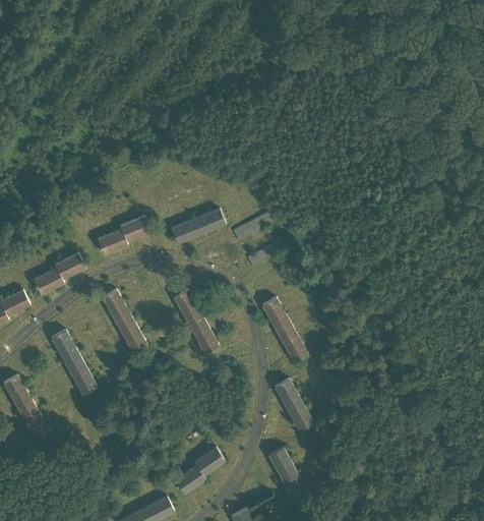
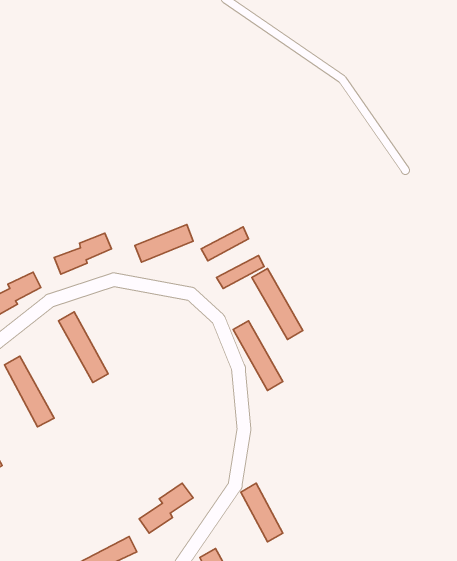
building: [172,289,219,354] -> [252,269,303,339]
building: [274,379,313,431] -> none

